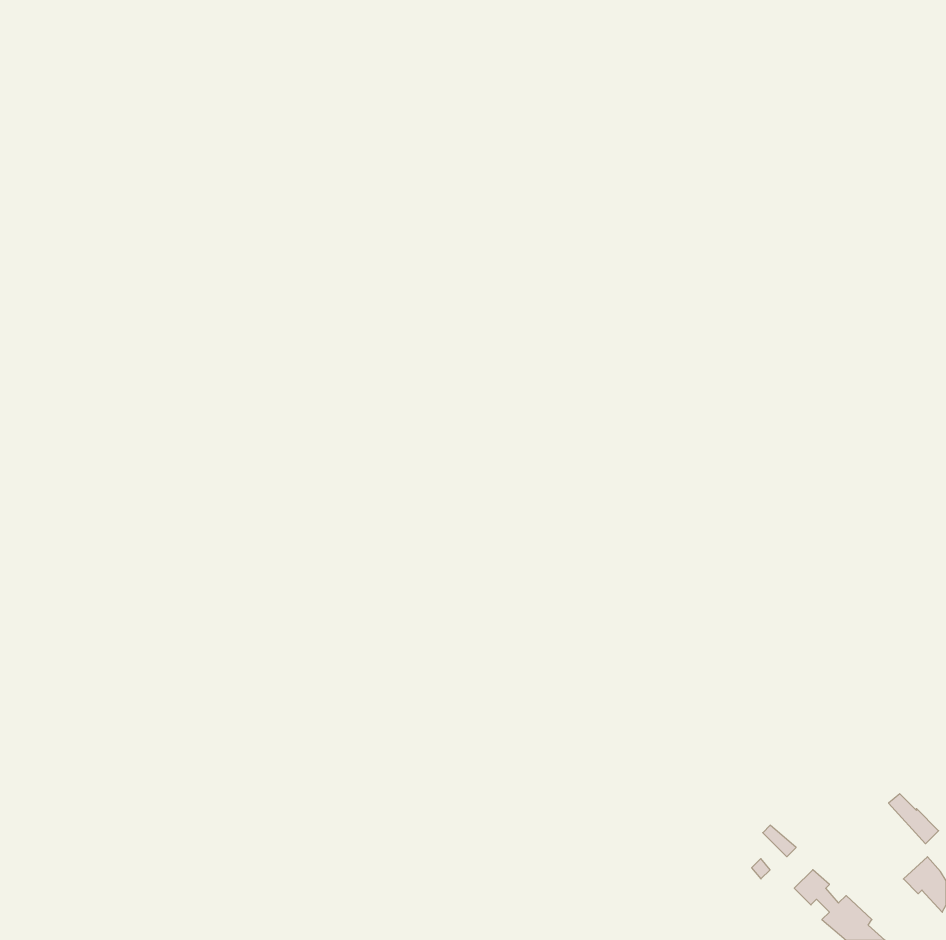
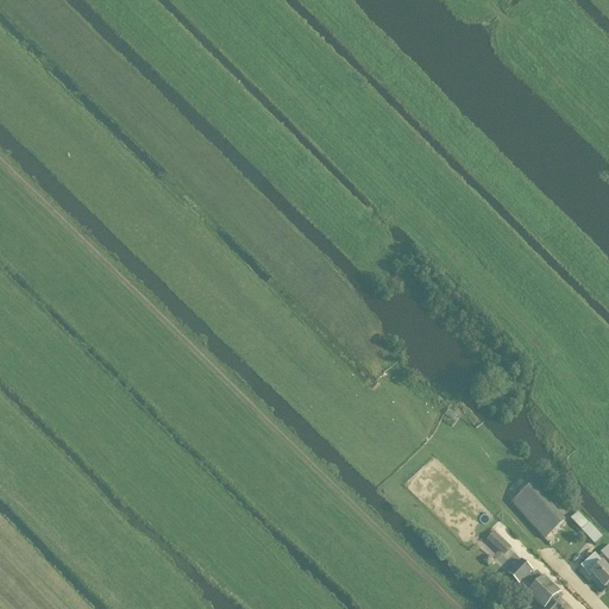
building: none -> [513,485,561,536]

